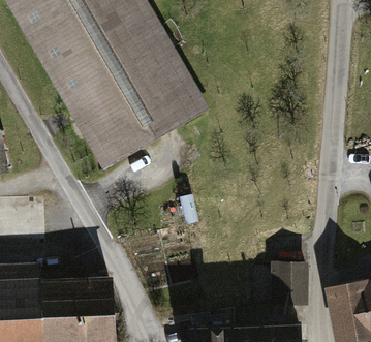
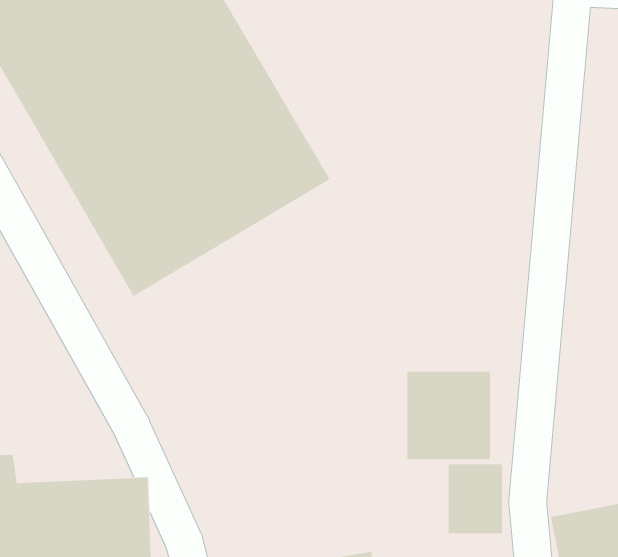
building: none -> [407,371,490,460]

